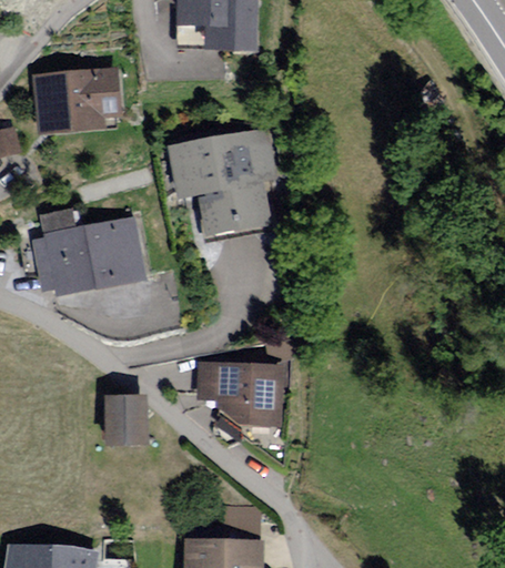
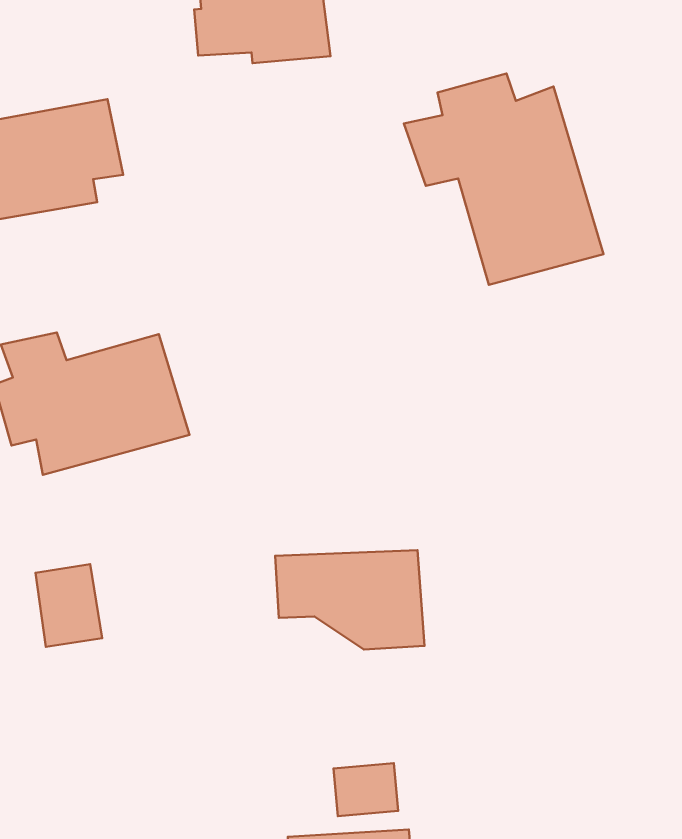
building: none -> [404,73,604,285]
building: [165,125,271,239] -> none
building: [108,398,145,447] -> [36,564,102,647]

